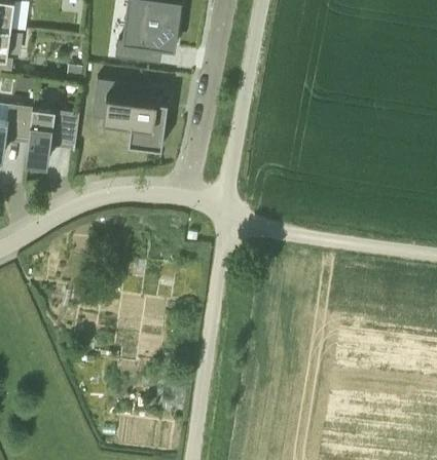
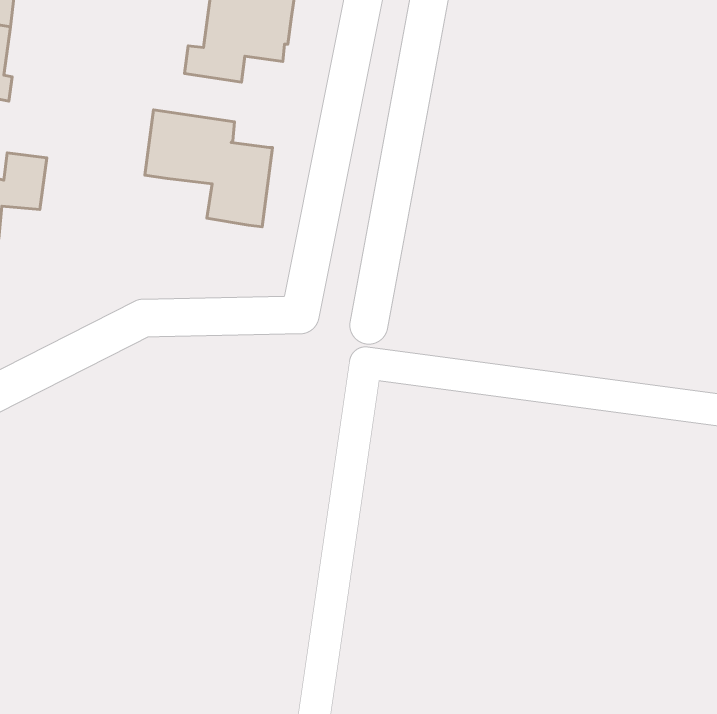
building: [25,109,78,163] -> none

